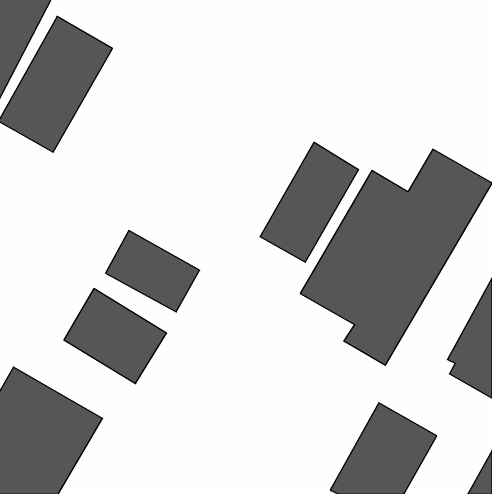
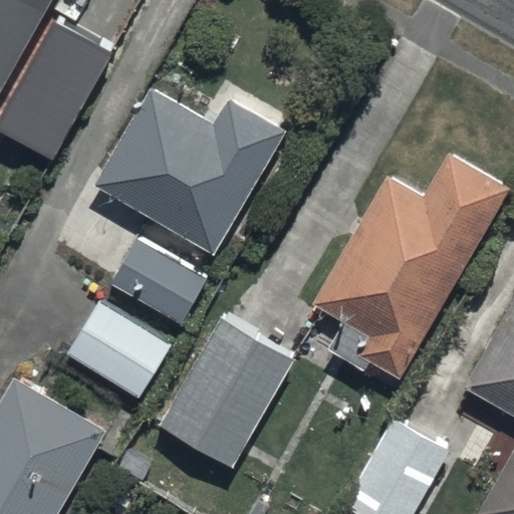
building: none -> [95,88,284,253]
building: [260,142,358,262] -> none
building: none -> [158,315,296,469]

